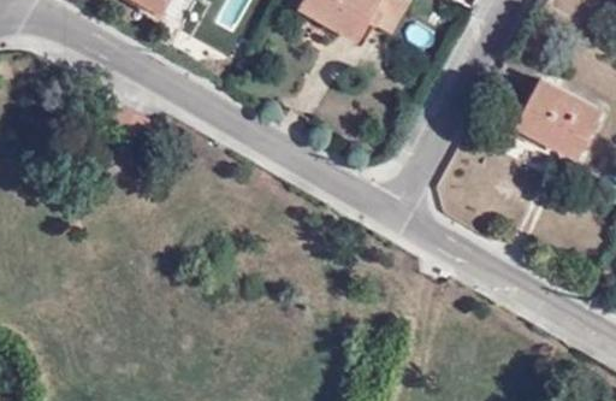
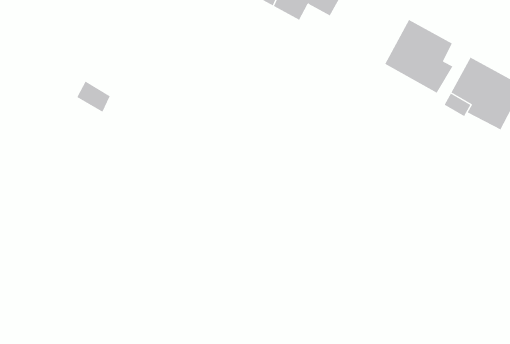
building: none -> [385,19,453,93]

